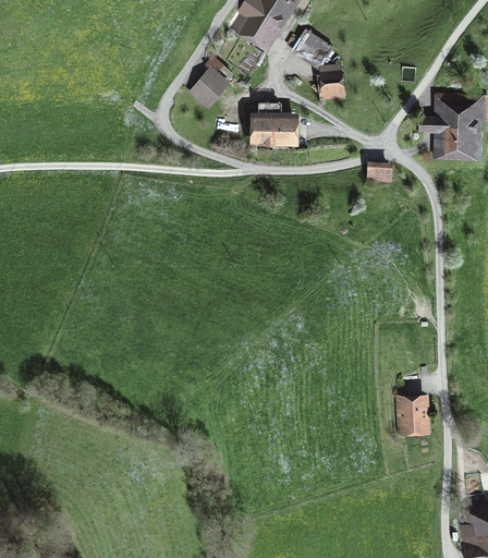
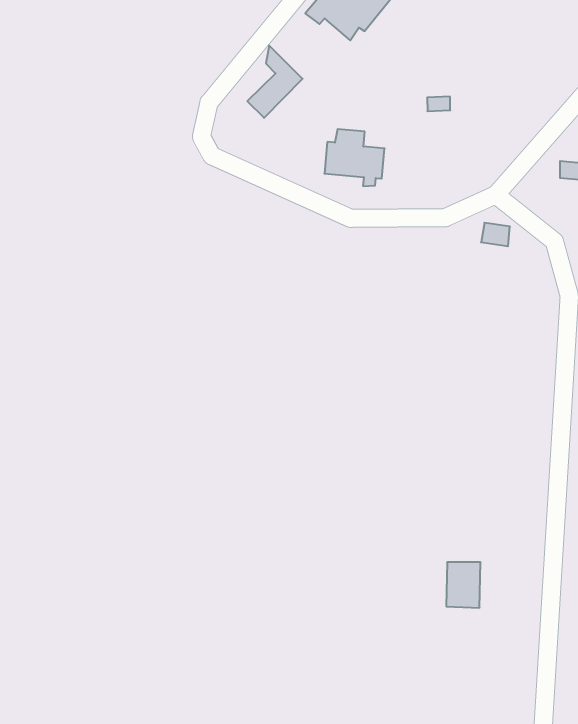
building: [294,33,331,68] -> none
building: [400,399,426,433] -> [446,562,481,608]

